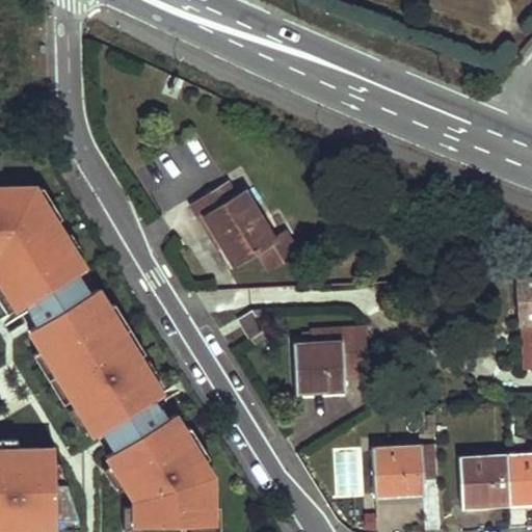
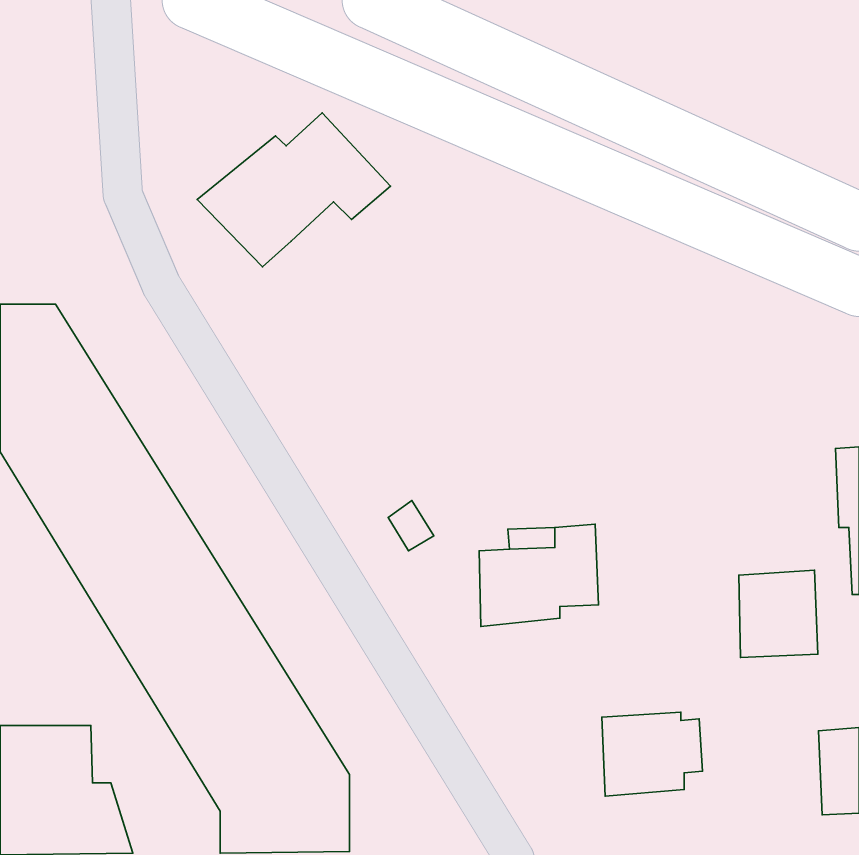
building: none -> [197,113,391,267]
building: [196,187,303,274] -> none
building: [459,454,508,508] -> [739,570,818,658]

